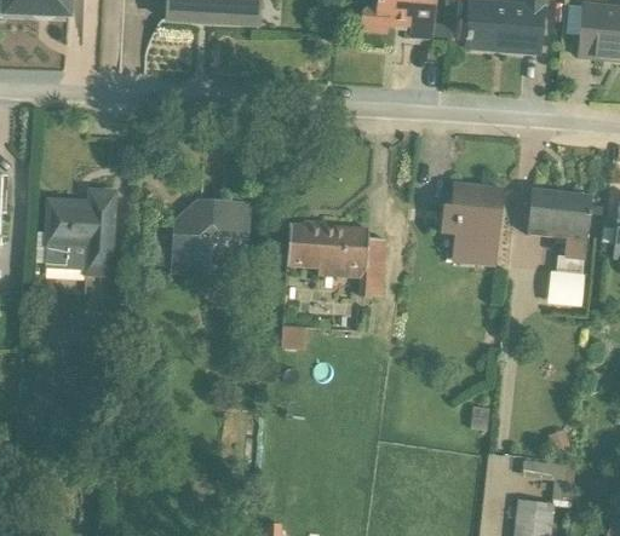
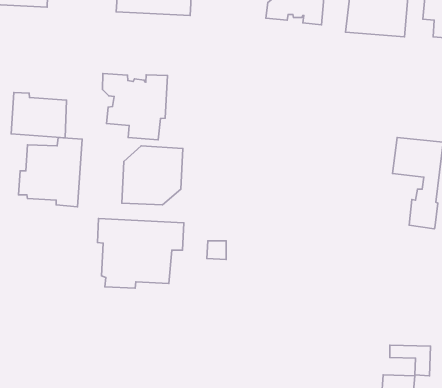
building: none -> [102,74,168,140]
building: none -> [11,93,67,138]
building: [440,179,505,265] -> none
building: [287,218,386,296] -> none
building: none -> [98,218,184,288]

